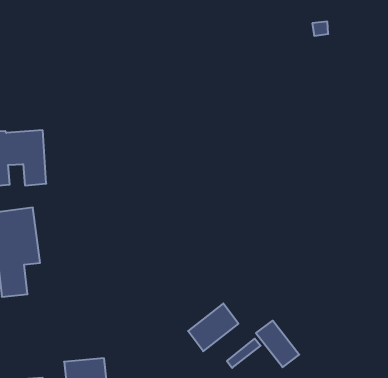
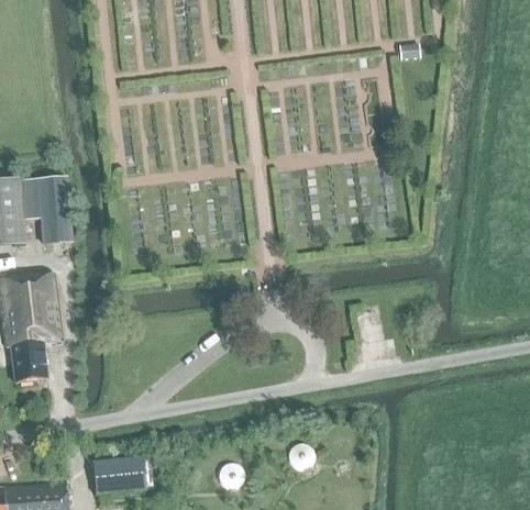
building: [188,303,238,351] -> none
building: [256,321,299,367] -> none

